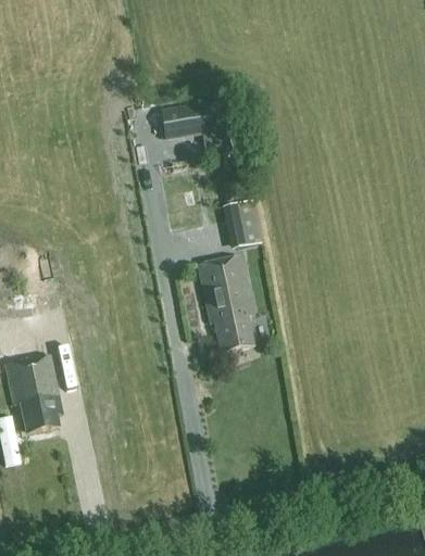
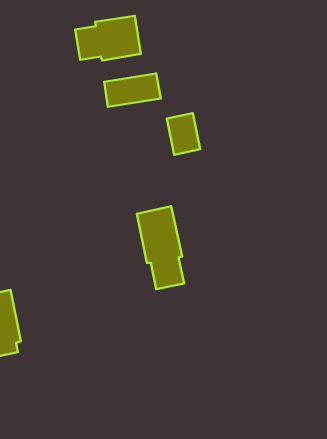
building: none -> [75,16,141,60]
building: [223,199,262,248] -> [167,113,200,155]

